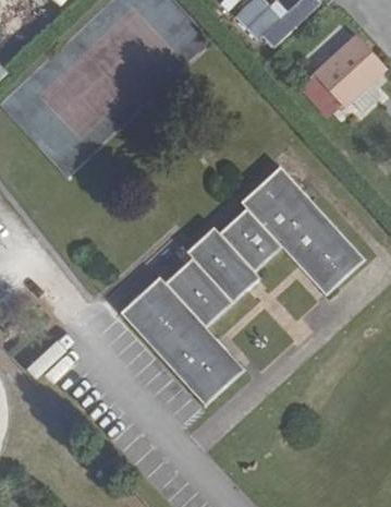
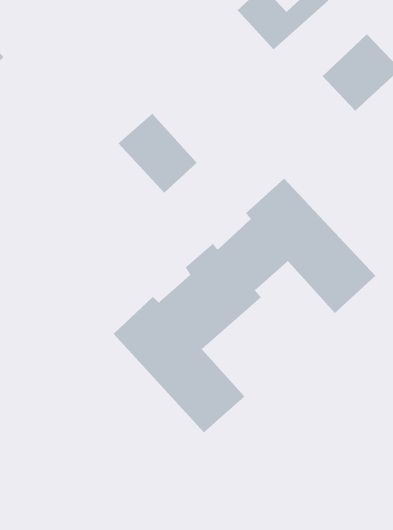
building: none -> [118,113,197,193]

